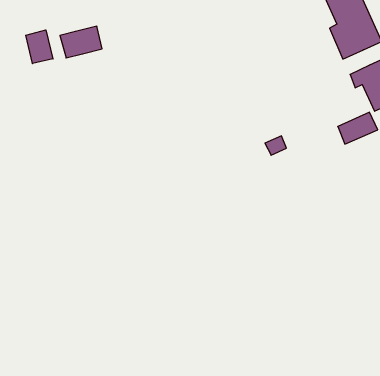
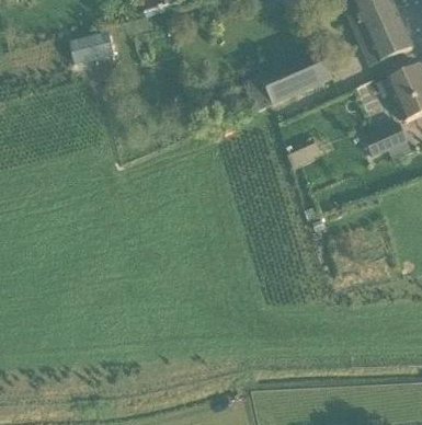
building: [26,30,53,64] -> none
building: none -> [243,49,330,108]

